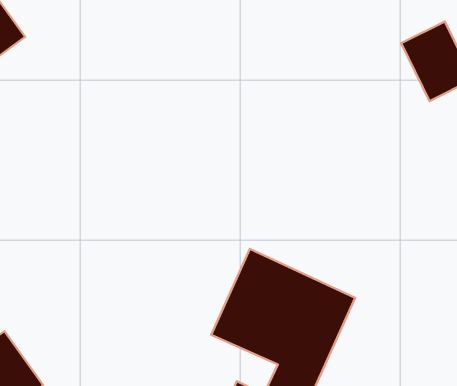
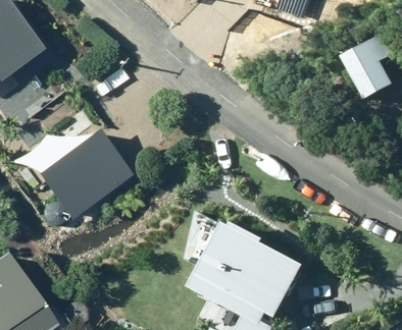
building: none -> [35,128,131,220]

